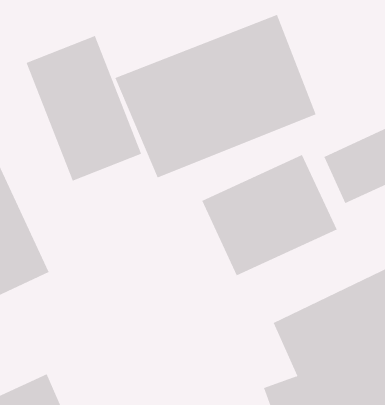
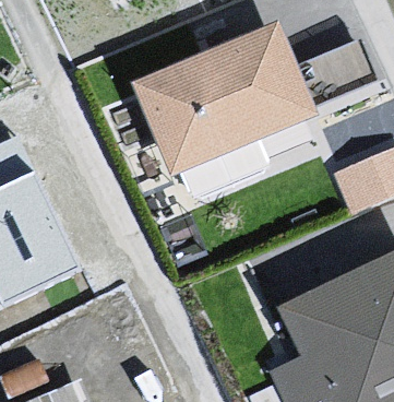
building: [26,35,142,182] -> none
building: [201,154,337,276] -> none

